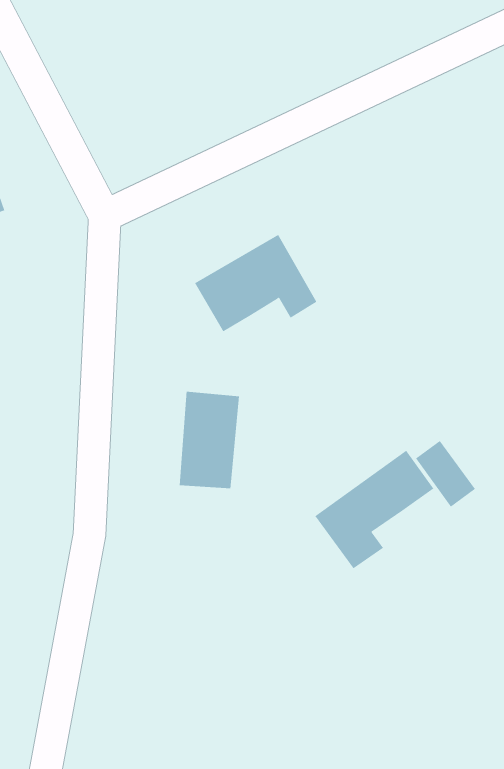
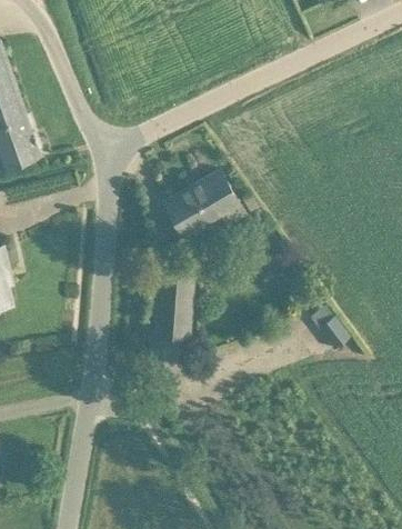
building: [315,450,434,569] -> none

